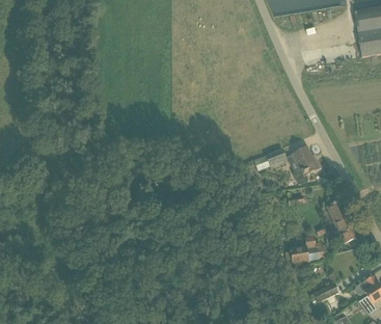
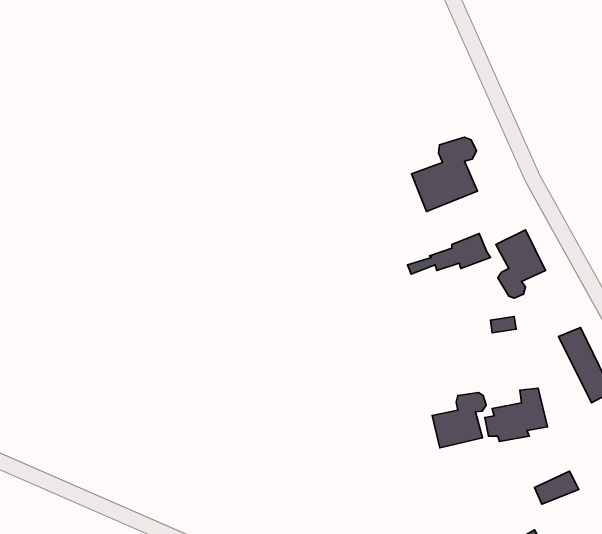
building: none -> [411,137,477,211]
building: none -> [432,392,486,448]

